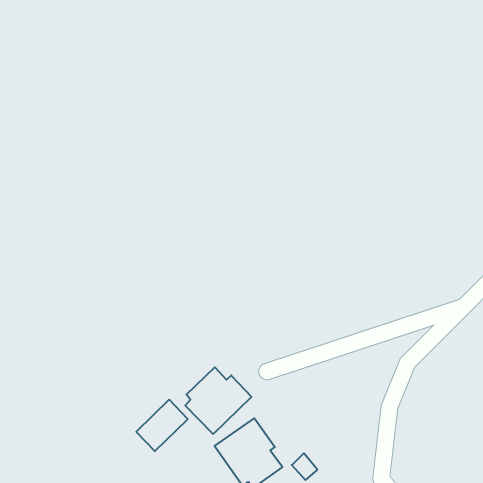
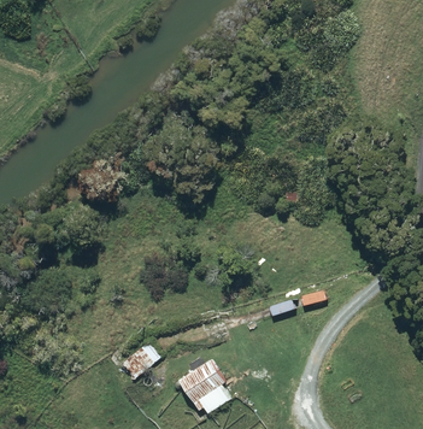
building: [185,367,251,434] -> none

